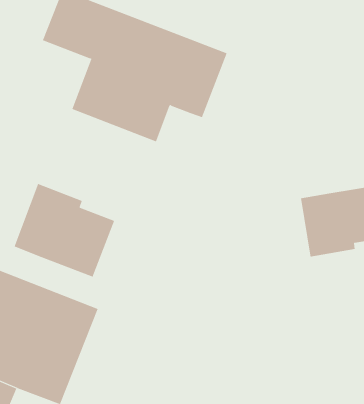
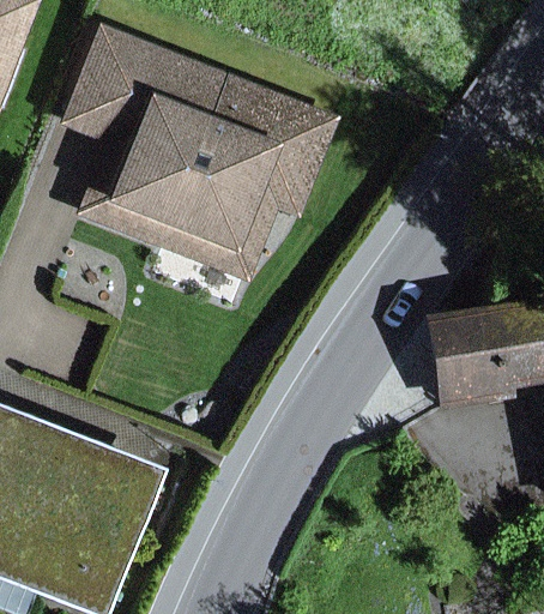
building: none -> [71,100,282,277]
building: [14,183,115,278] -> none

